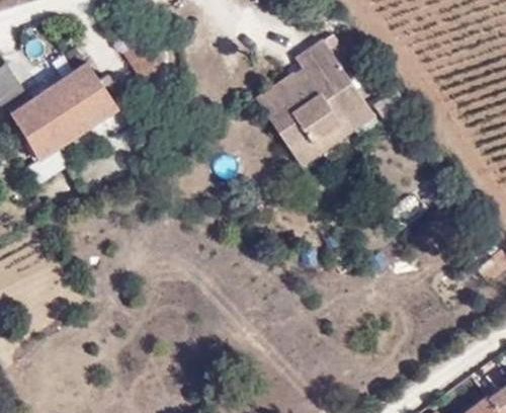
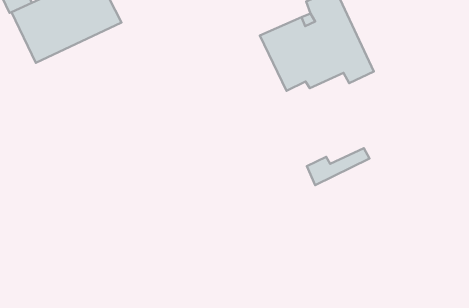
building: [292,122,352,166] -> [307,148,370,185]

